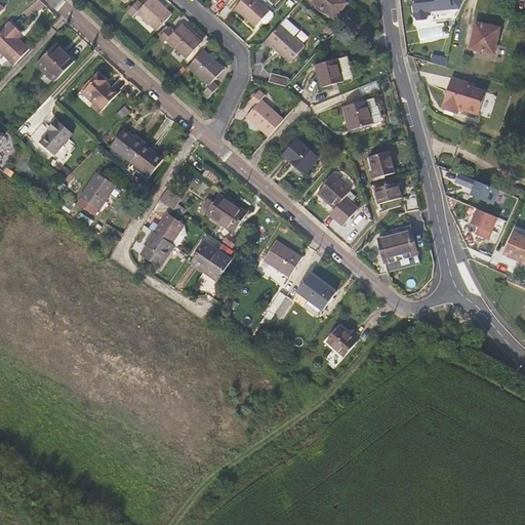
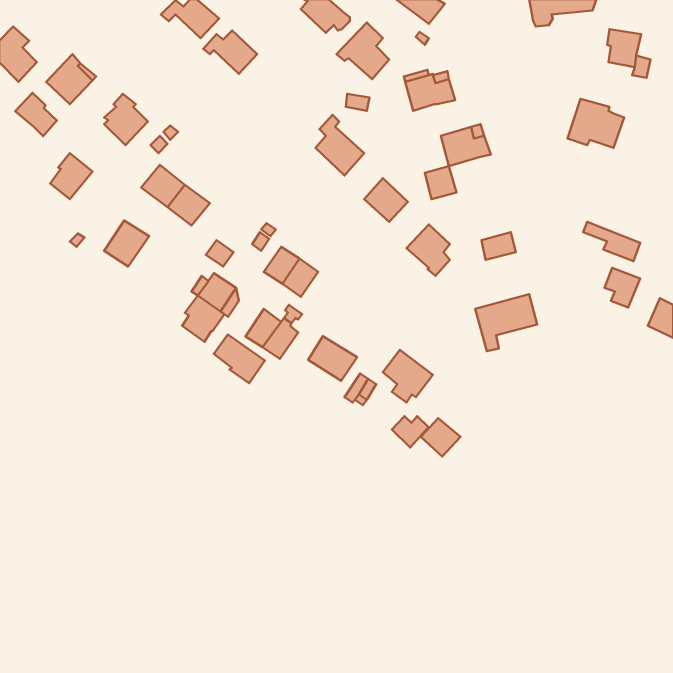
building: [188,50,223,97] -> none
building: none -> [15,93,57,136]
building: [369,151,394,176] -> [425,166,457,199]
building: [265,239,302,274] -> [308,336,357,381]
building: none -> [214,334,265,383]
building: none -> [392,416,429,447]

